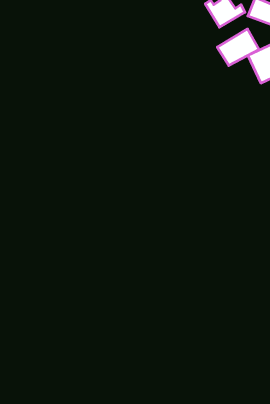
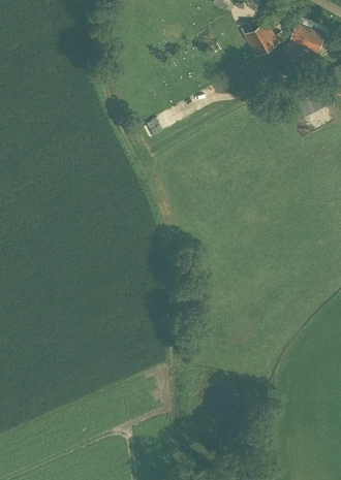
building: [217,29,259,66] -> none

